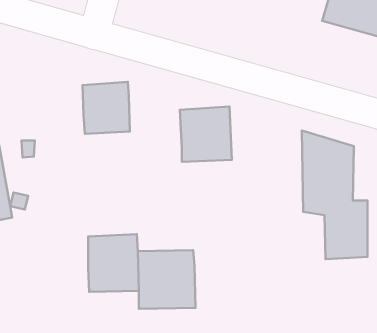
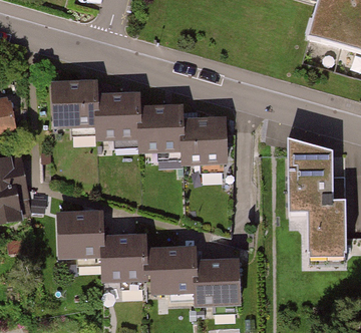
building: none -> [50,77,95,126]
building: none -> [135,105,183,157]
building: none -> [53,208,99,262]
building: none -> [194,258,240,309]

